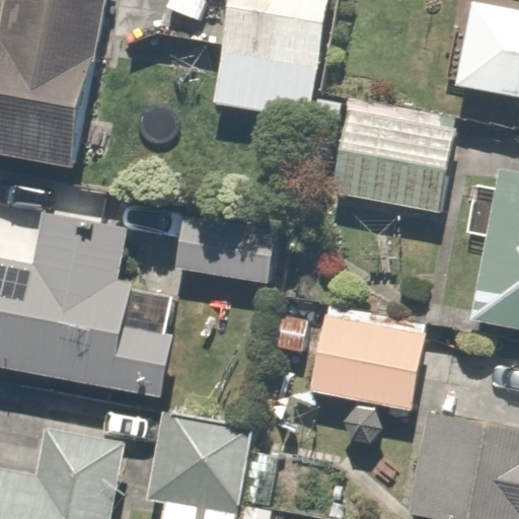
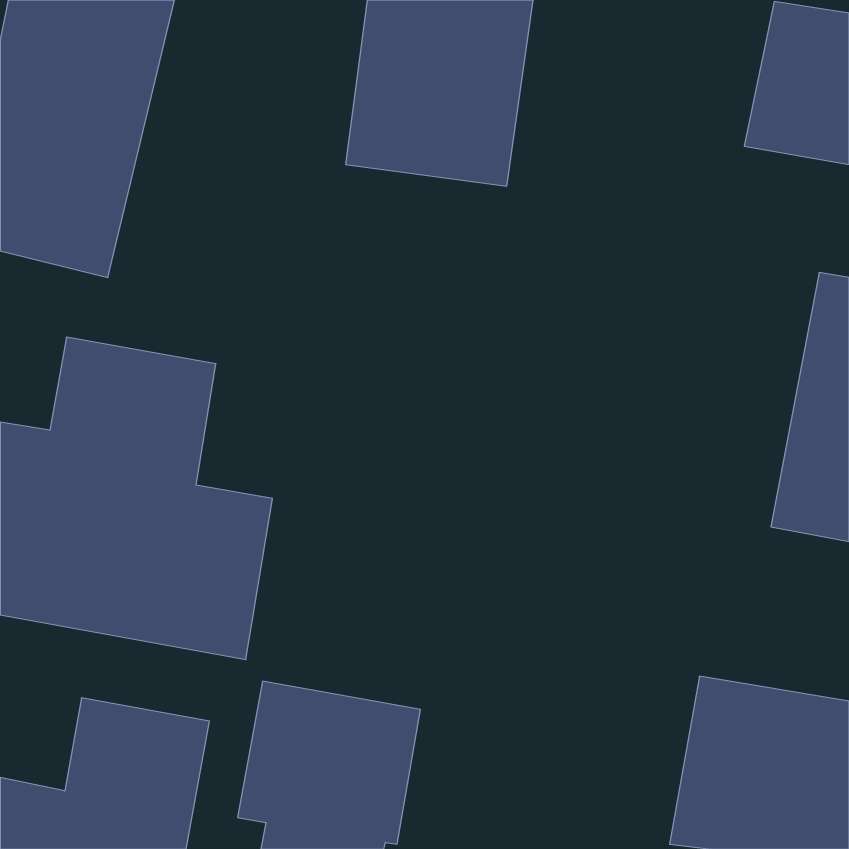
building: [336,109,455,209] -> none
building: [175,214,277,286] -> none
building: [308,302,426,414] -> none

